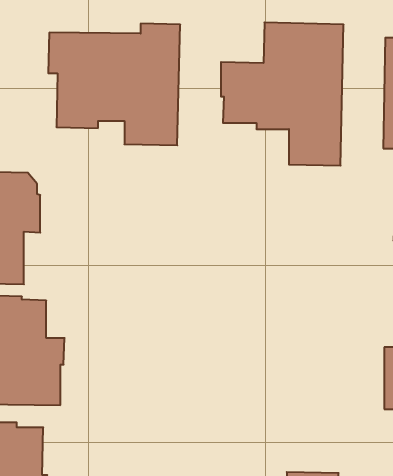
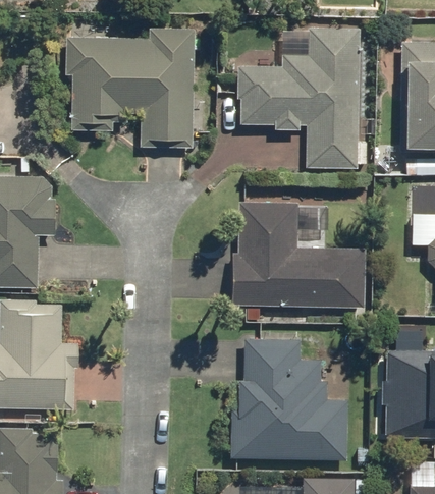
building: none -> [230,201,366,309]
building: none -> [229,337,349,461]

